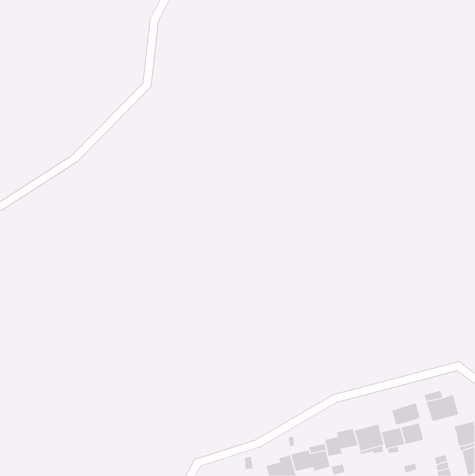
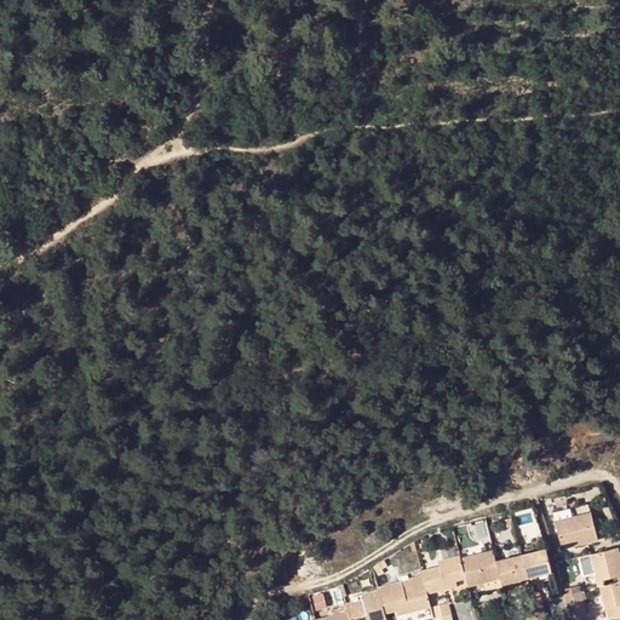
building: [392,403,420,426] -> none

